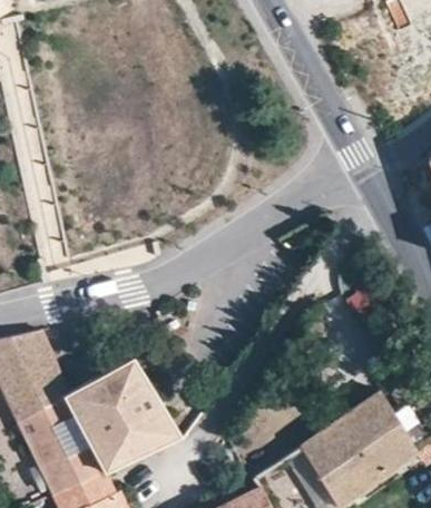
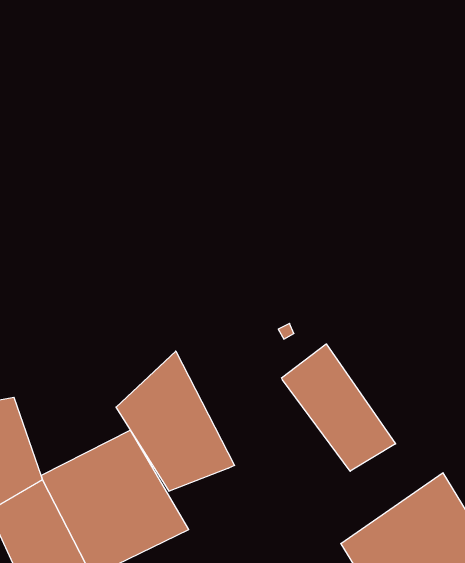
building: none -> [282,344,396,471]
building: none -> [116,351,235,491]

